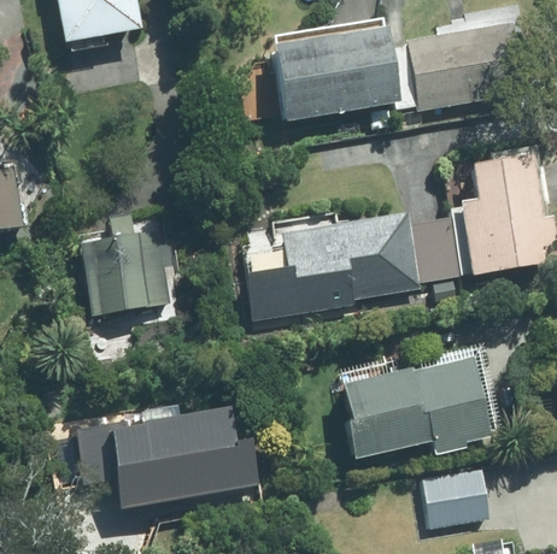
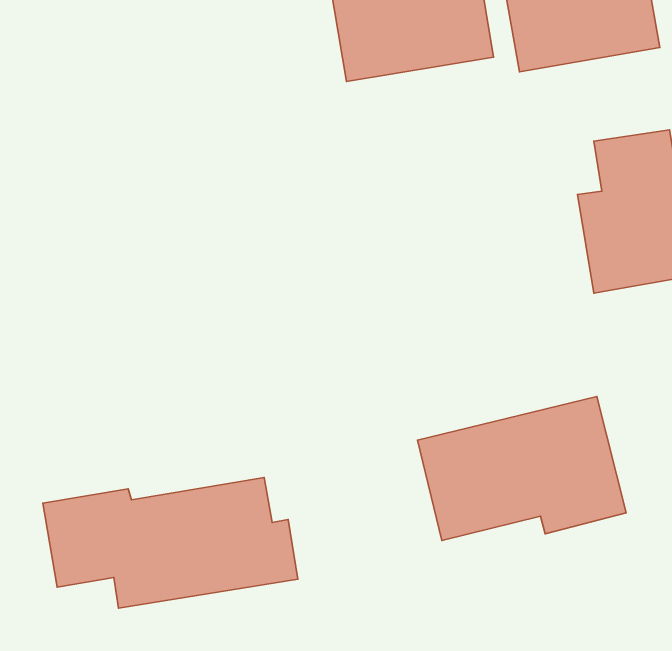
building: [245,210,459,319] -> none
building: [82,229,177,316] -> none
building: [420,468,489,530] -> none

